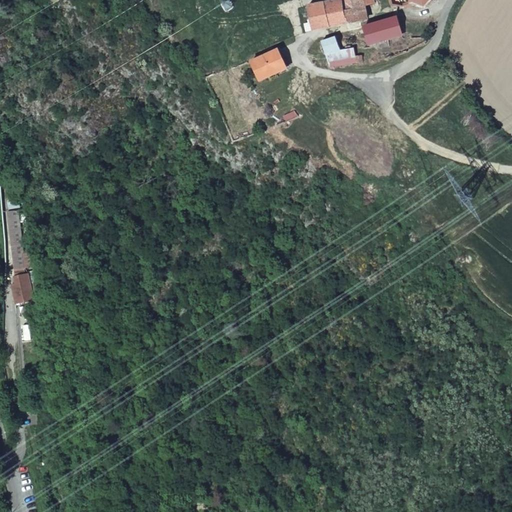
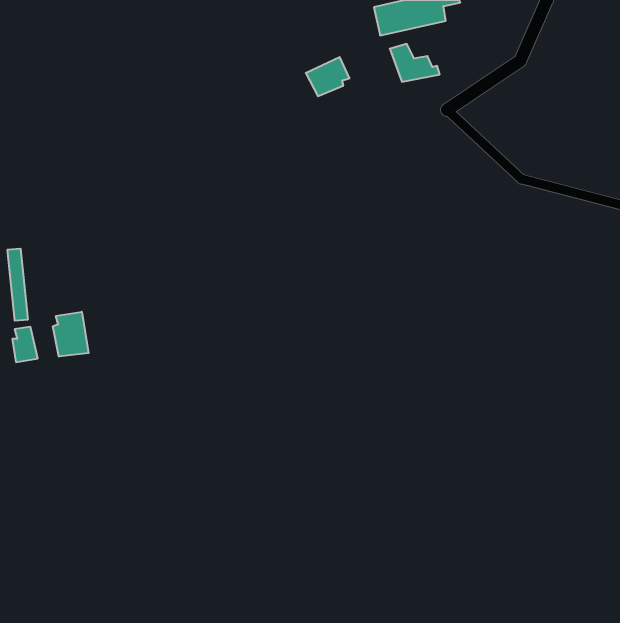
building: [362,17,399,44] -> none
building: none -> [53,312,89,357]

